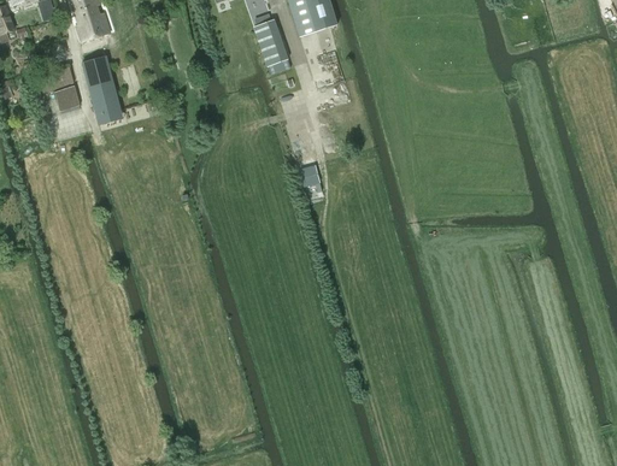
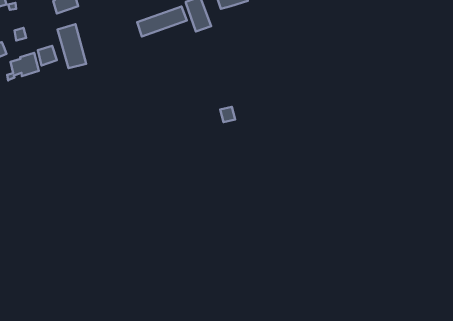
building: none -> [137,7,187,37]
building: none -> [7,53,39,80]

